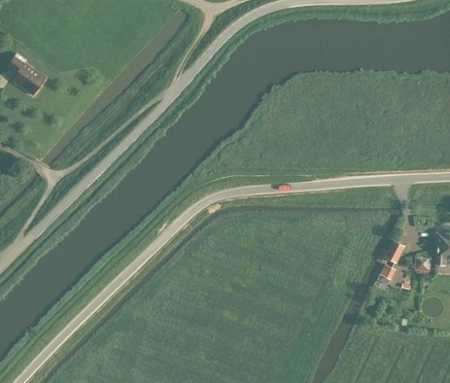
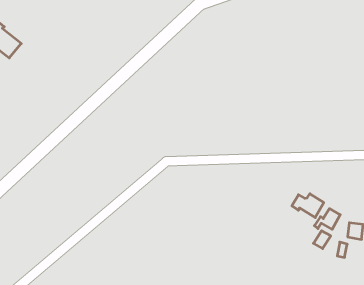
building: none -> [292,194,324,218]

